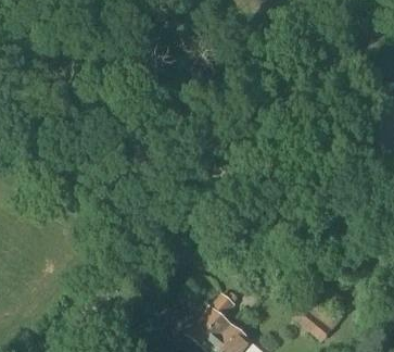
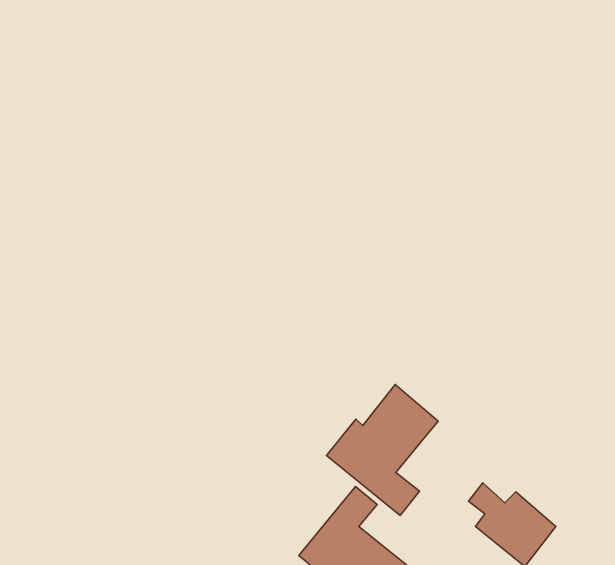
building: none -> [327,385,438,516]

